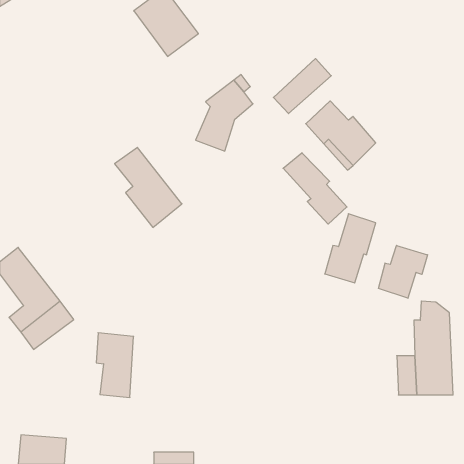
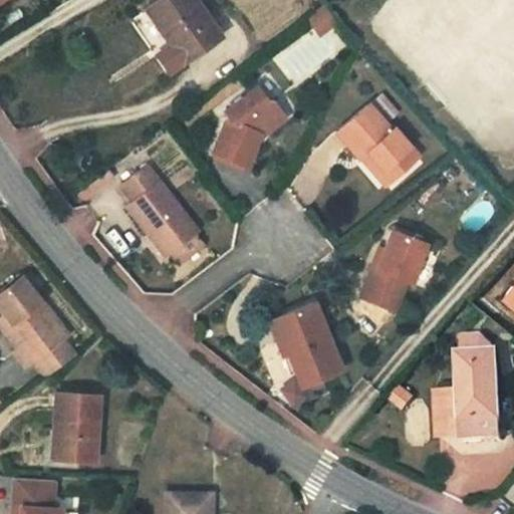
building: [273,59,331,114] -> none
building: [283,153,347,224] -> none
building: [379,245,428,298] -> none
building: none -> [263,304,335,384]
building: [96,333,134,397] -> [55,396,96,467]

